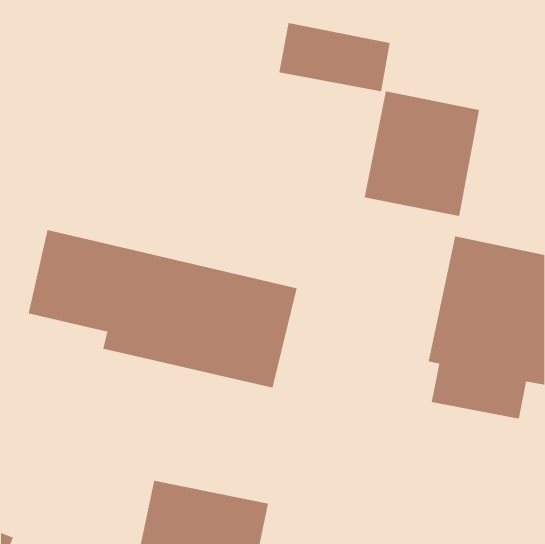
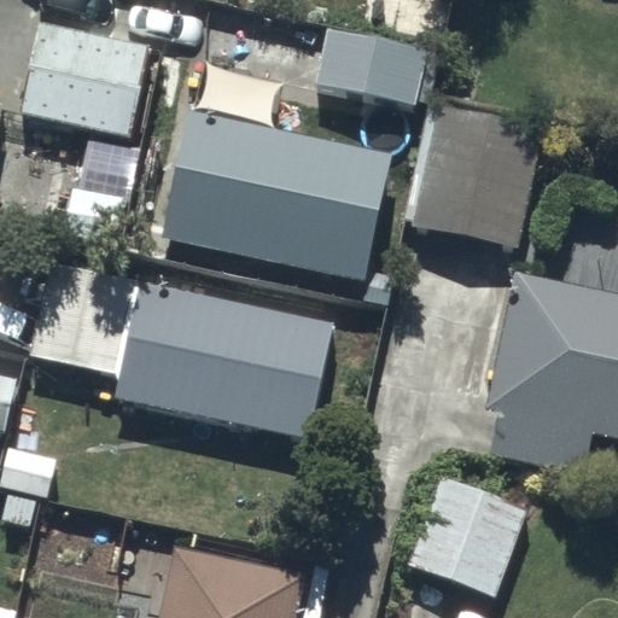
building: none -> [19,23,151,138]
building: none -> [162,110,391,278]
building: none -> [408,466,542,596]

